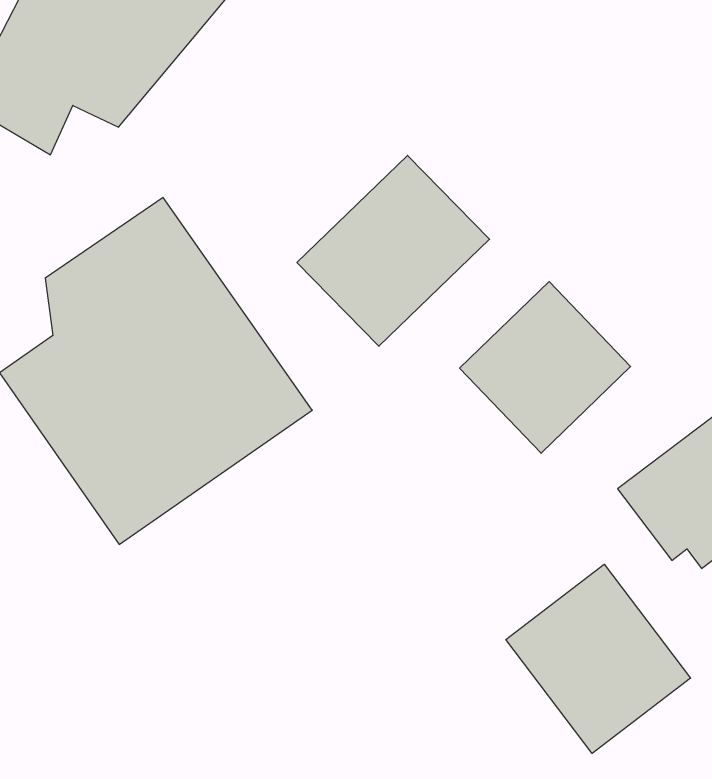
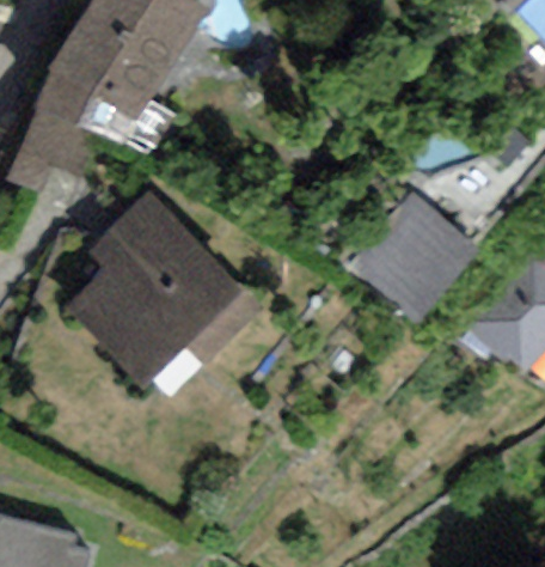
building: [297,155,490,346] -> none
building: [506,564,691,753] -> none

